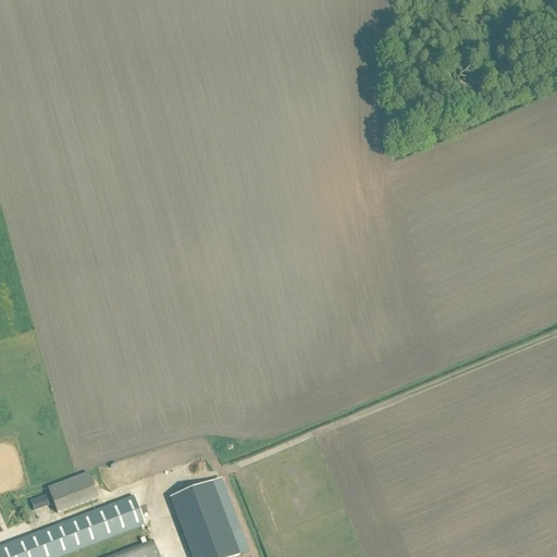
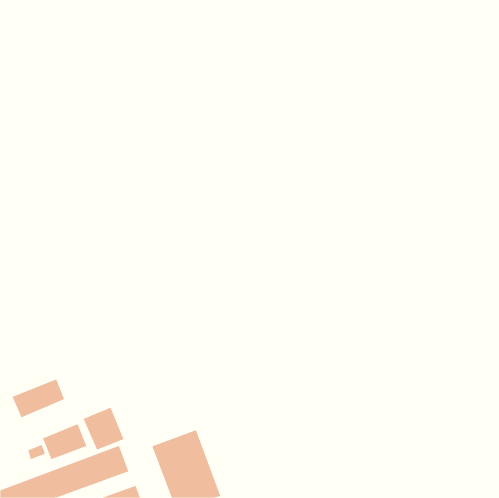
building: none -> [12,379,65,418]
building: none -> [83,407,124,450]

